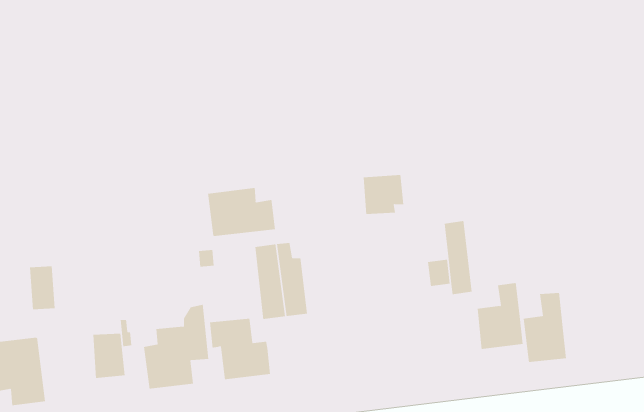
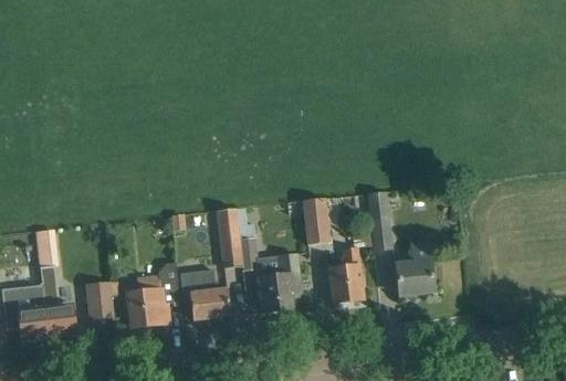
building: [363,175,404,214] -> [304,200,337,232]
building: [208,187,276,237] -> none
building: [523,293,567,362] -> [328,247,364,304]
building: none -> [259,256,301,313]
building: none -> [40,268,75,338]

